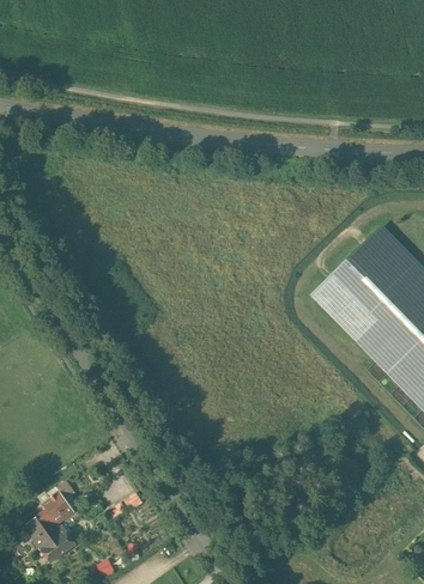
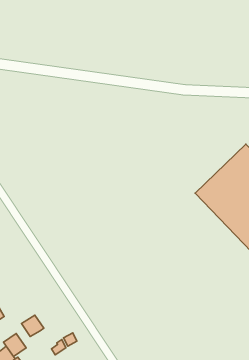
building: none -> [21,315,44,337]

